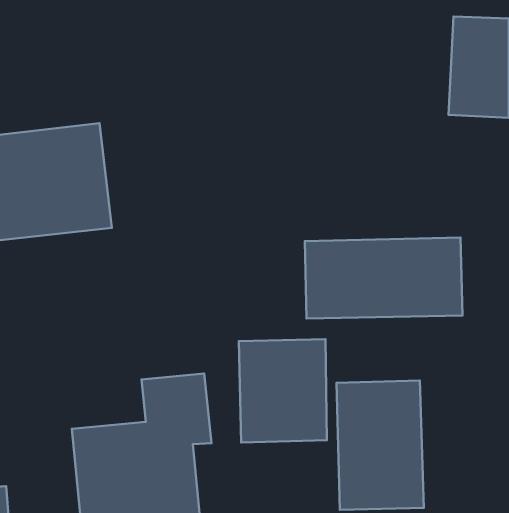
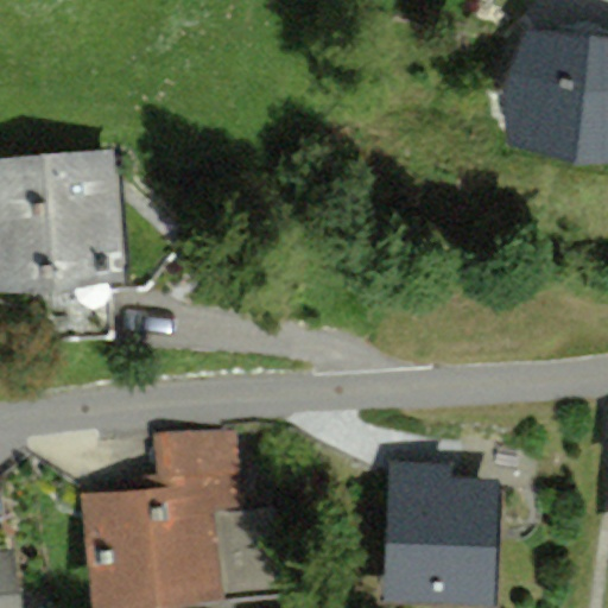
building: [305,237,462,319] -> none
building: [239,339,327,442] -> none

